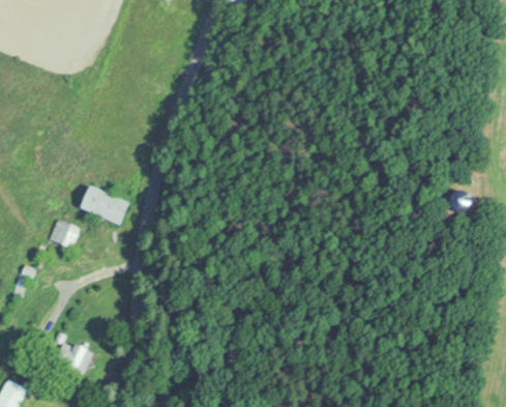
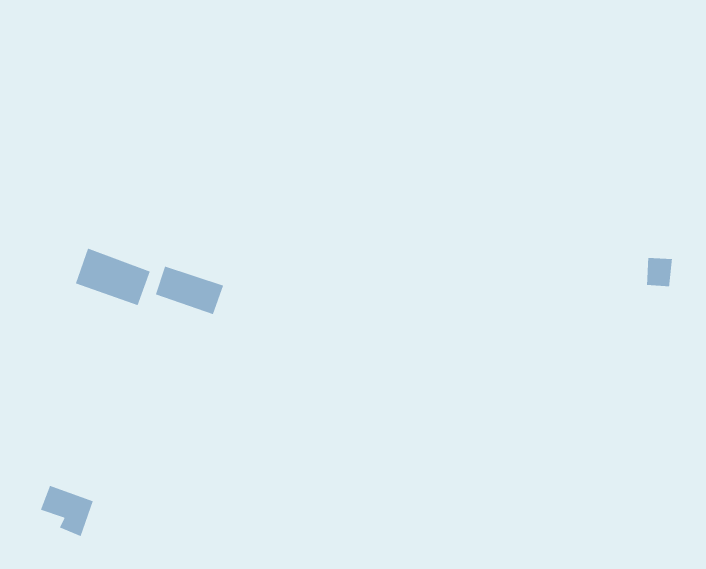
building: none -> [155,265,224,315]
building: [49,219,78,248] -> none

